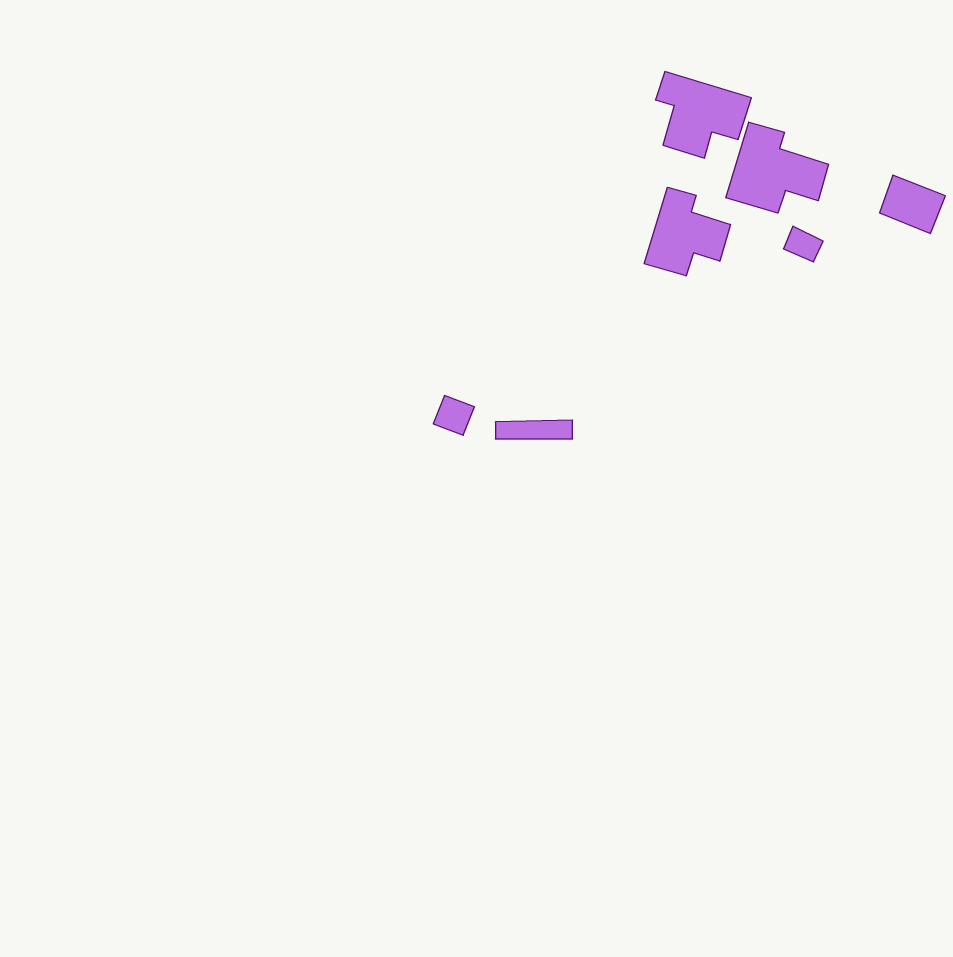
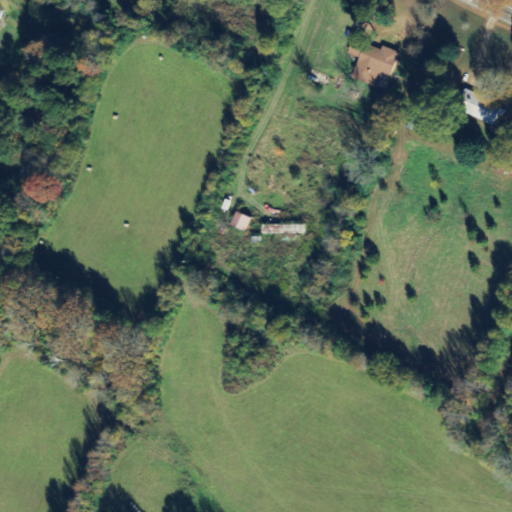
building: [726,122,829,213] -> none
building: [644,187,730,276] -> none

